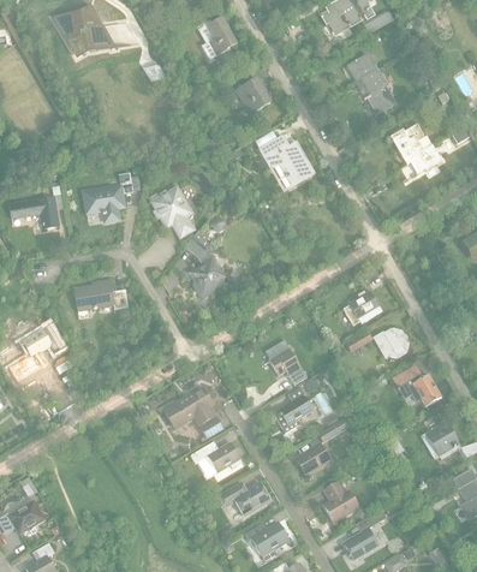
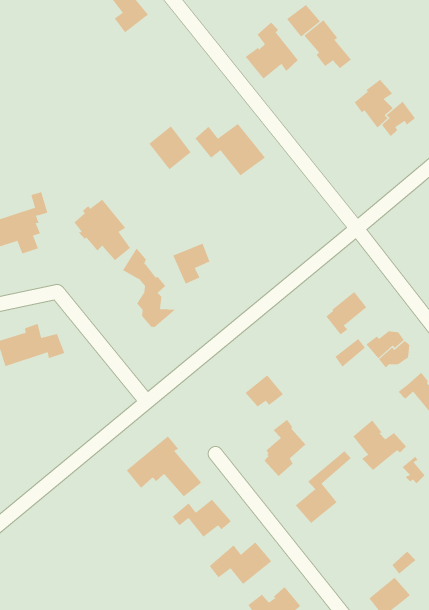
building: none -> [245,22,299,79]
building: [235,78,269,114] -> [149,125,191,170]
building: none -> [173,243,210,285]
building: none -> [352,419,407,471]
building: [323,482,357,522] -> none

